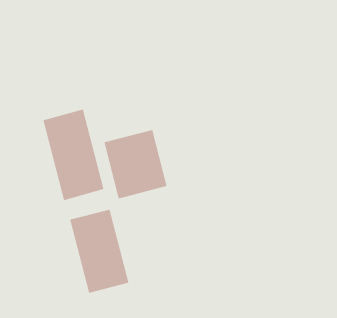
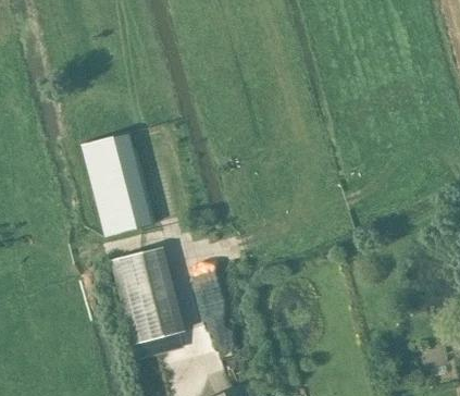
building: [103,129,168,199] -> none

